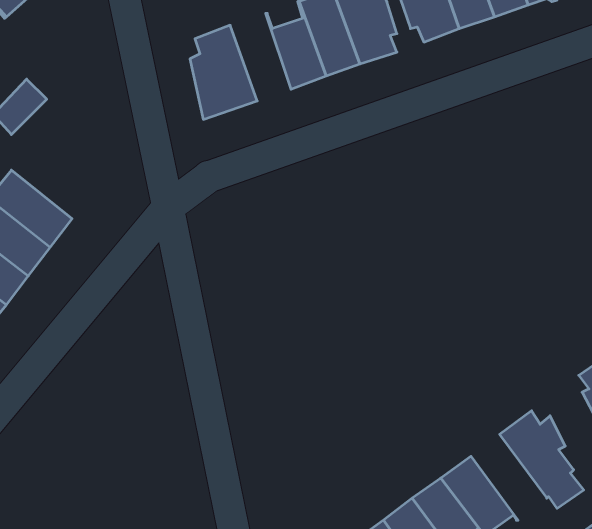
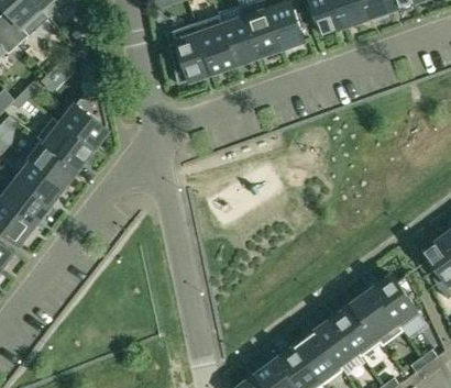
building: none -> [195,15,234,73]
building: none -> [52,95,108,149]
building: none -> [352,290,402,346]

